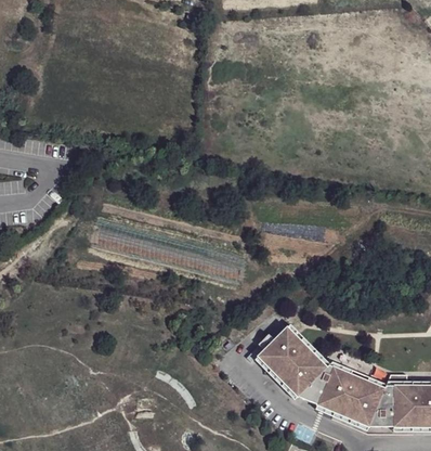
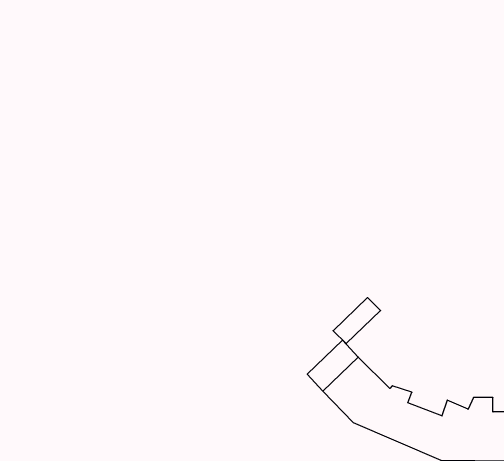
building: none -> [333,298,381,344]

